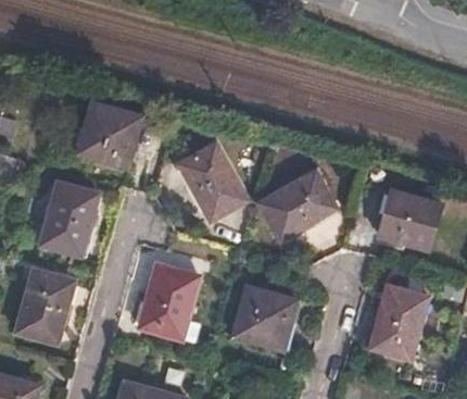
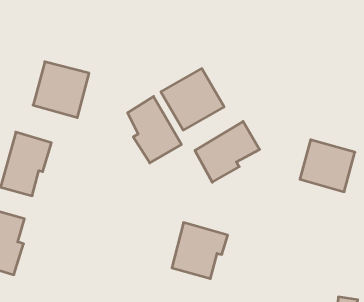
building: none -> [161,69,224,130]
building: [140,264,199,341] -> none
building: [375,285,428,359] -> none

